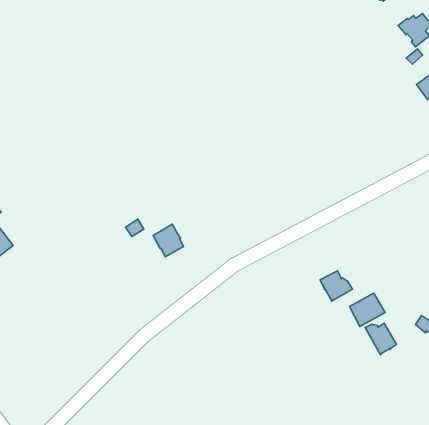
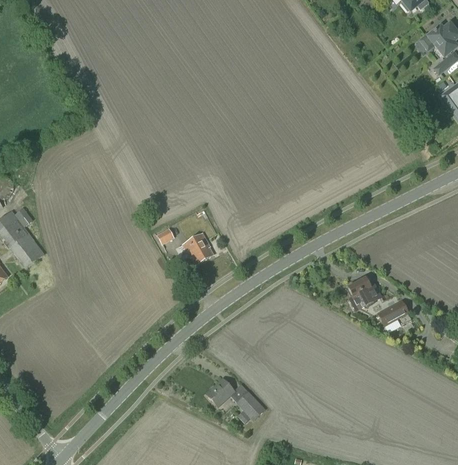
building: [365,323,397,355] -> none
building: none -> [206,377,265,422]

